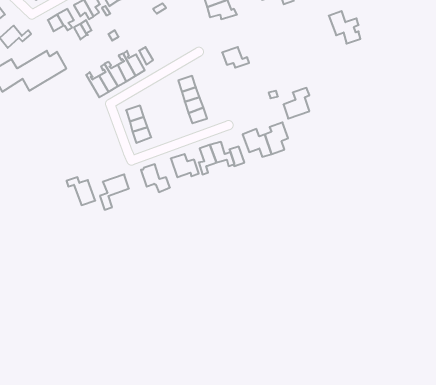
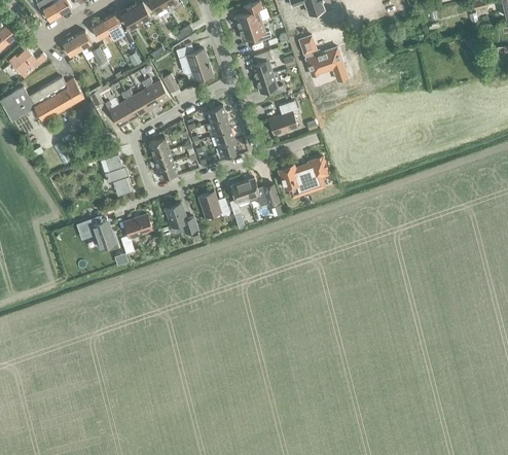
building: [329,11,360,44] -> [302,44,337,80]
building: none -> [176,45,212,81]
building: none -> [251,50,273,79]
building: [283,88,309,119] -> [268,101,297,135]
building: none -> [105,155,132,197]

